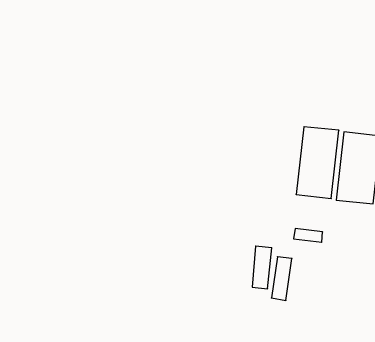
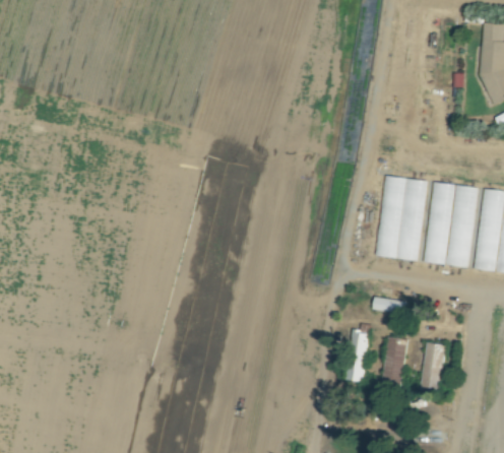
building: [252,246,272,289] -> [383,336,406,387]
building: none -> [421,342,445,391]

